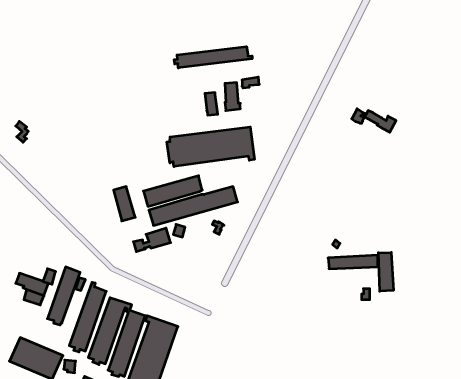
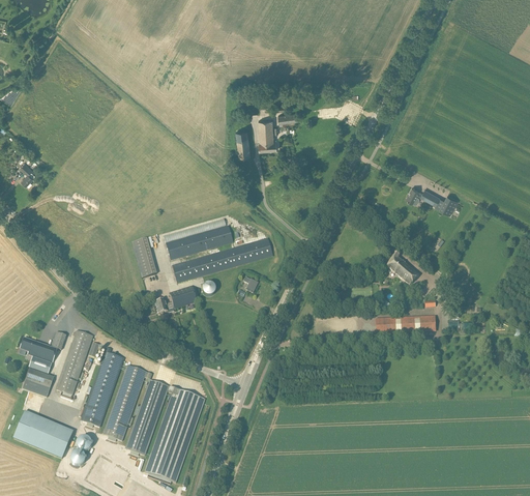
building: [174,47,252,68] -> none
building: [352,109,396,132] -> [406,186,457,213]
building: [167,127,254,167] -> none
building: none -> [387,251,419,285]
building: [378,252,393,291] -> none
building: none -> [22,368,54,397]

